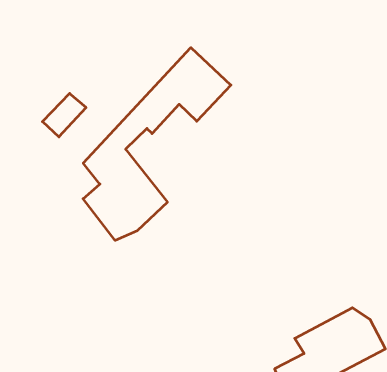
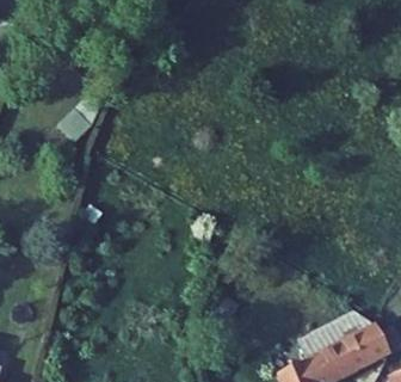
building: [83,48,231,240] -> none

